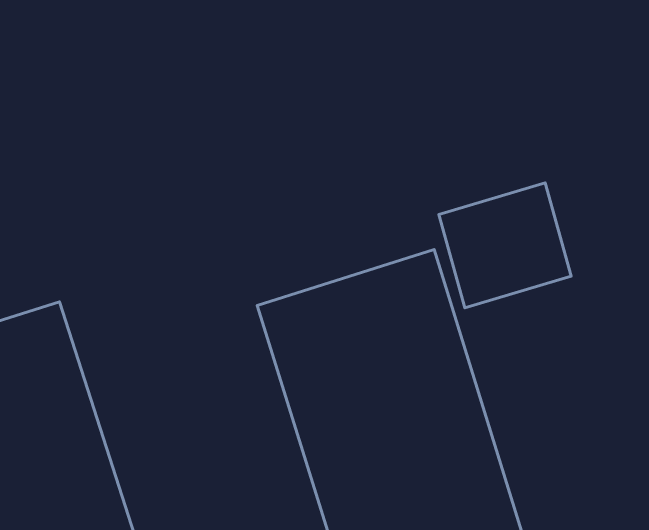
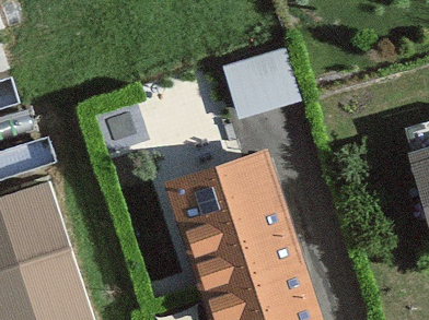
building: [439,183,571,308] -> [222,48,300,121]

